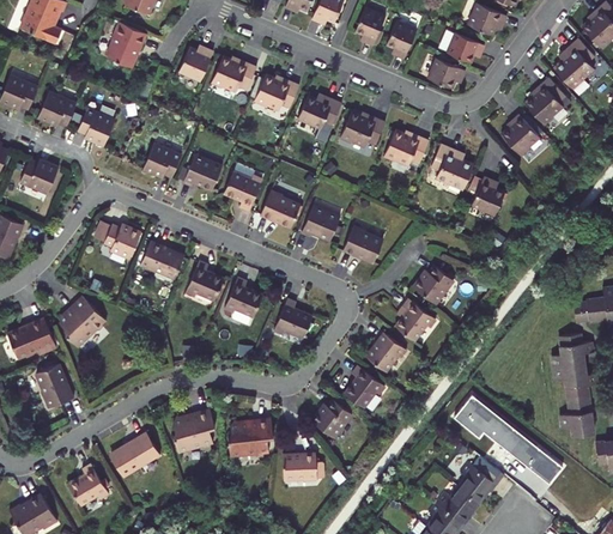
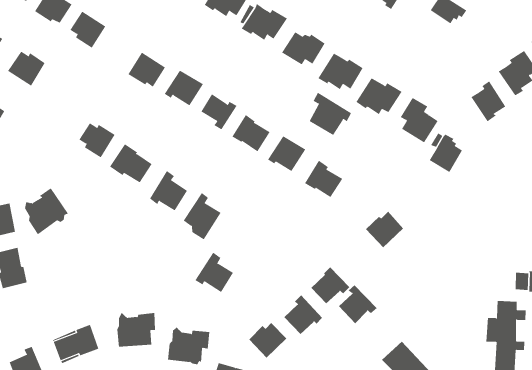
building: [425,56,463,86] -> none
building: none -> [309,92,352,136]
building: [273,297,312,338] -> [194,252,234,293]
building: [396,298,437,339] -> [338,285,378,324]

